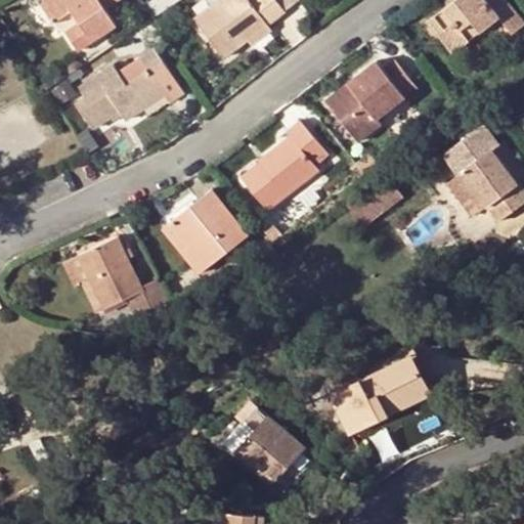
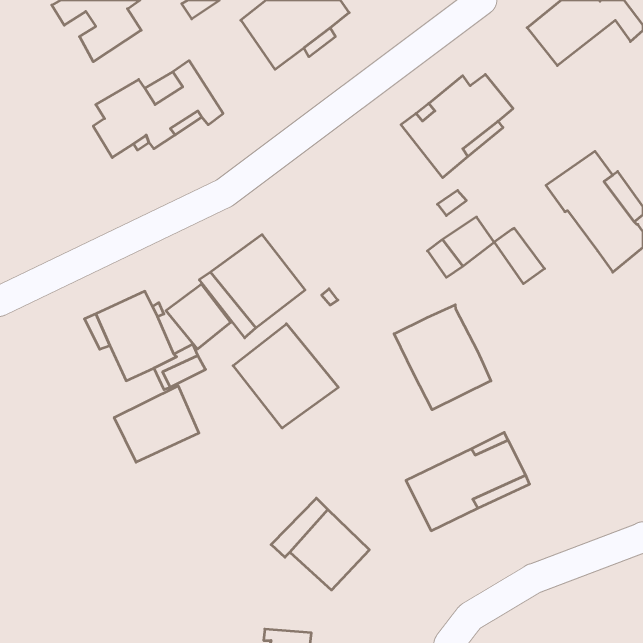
building: [242,122,328,211] -> none
building: [444,172,485,217] -> [494,228,545,284]
building: none -> [166,284,231,349]
building: none -> [394,305,491,410]
building: none -> [233,324,338,428]
building: none -> [114,386,199,462]

